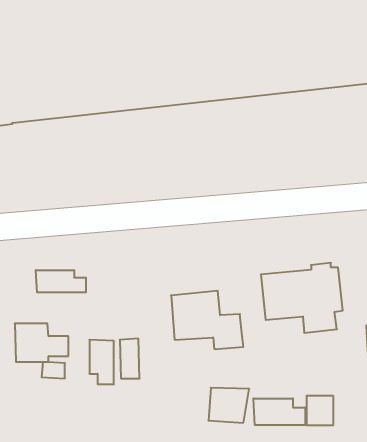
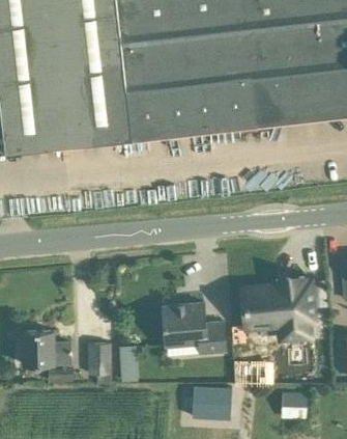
building: [36,270,86,292] -> none
building: [253,398,305,425] -> none

